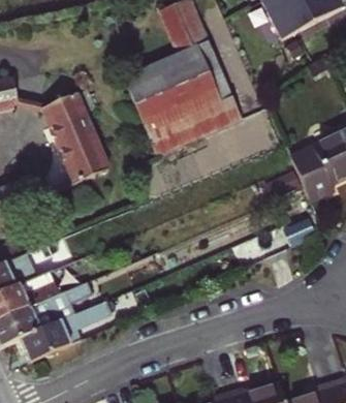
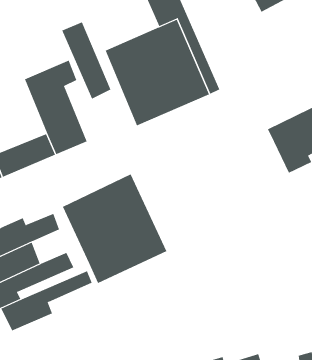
building: none -> [61,22,111,100]
building: none -> [62,173,167,284]

